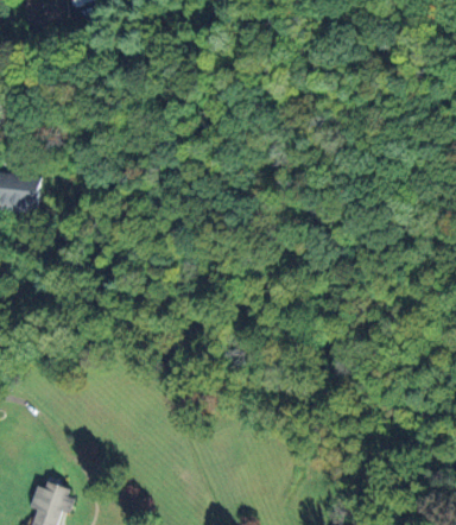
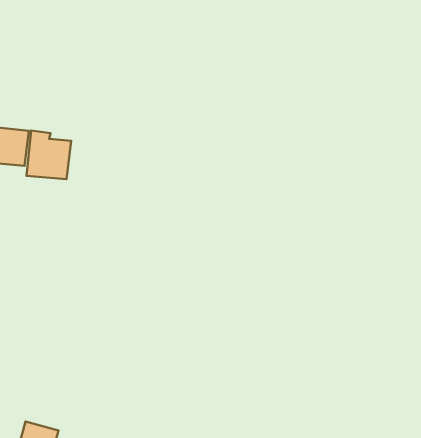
building: none -> [27,131,71,179]

